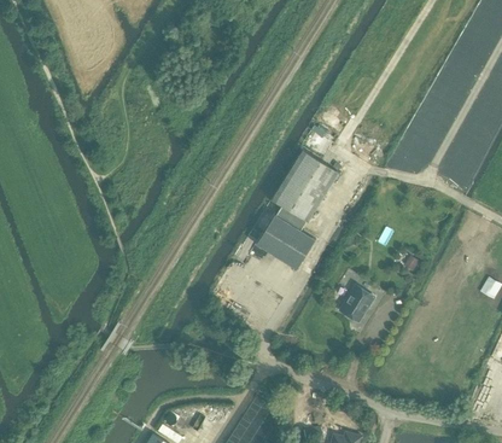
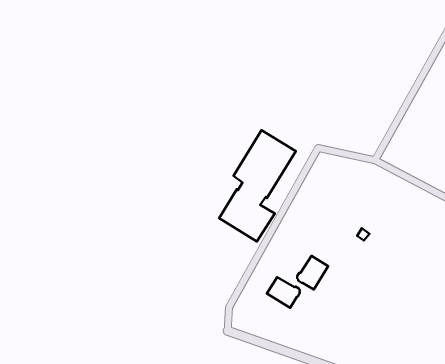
building: none -> [267,277,300,308]

